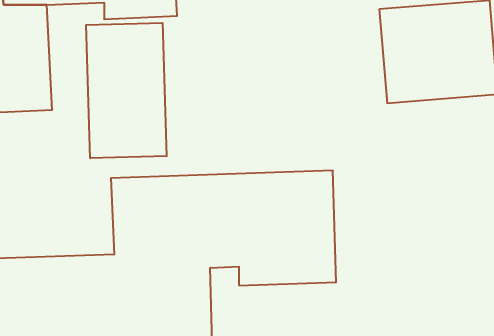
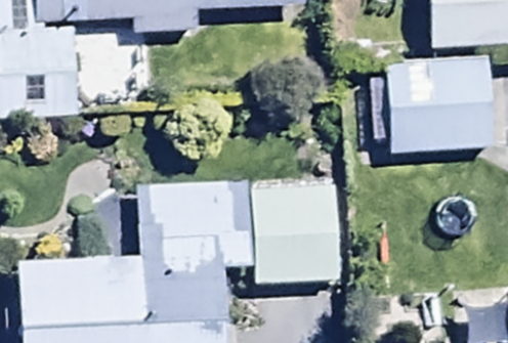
building: [86,23,167,158] -> none

